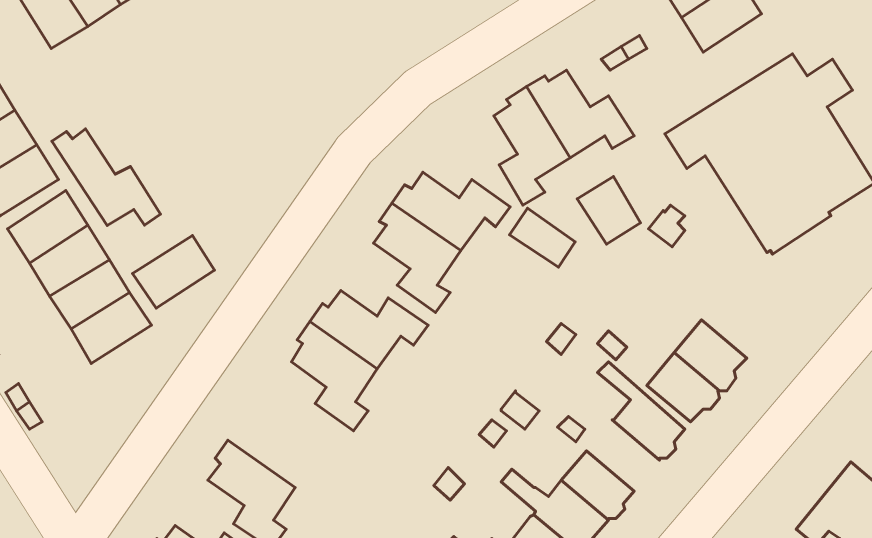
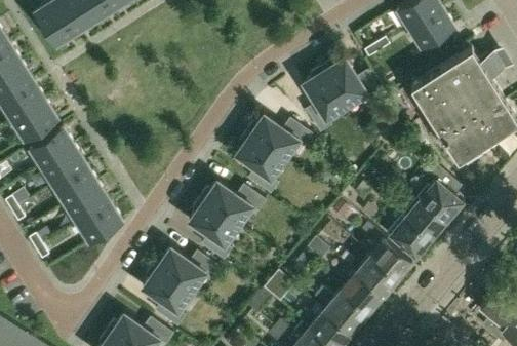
building: [52,129,160,225] -> none
building: [577,177,640,244] -> none
building: [509,208,575,267] -> none
building: [132,235,214,308] -> [76,203,122,244]
building: none -> [420,167,464,223]
building: none -> [153,251,218,295]
building: none -> [355,257,396,297]

